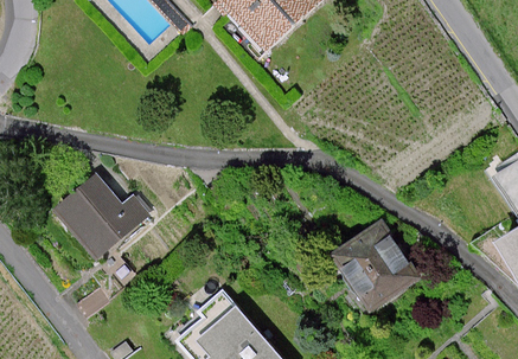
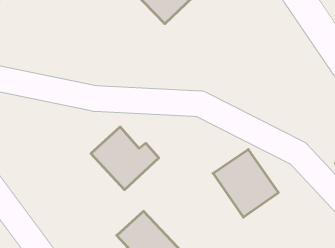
building: [60,169,154,256] -> [91,127,159,190]

